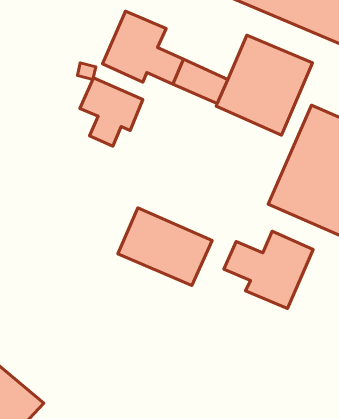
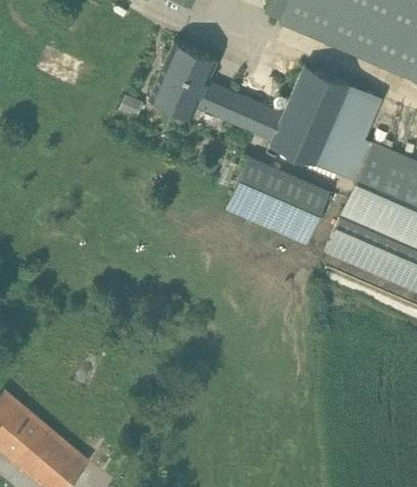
building: [80,78,143,146] -> none
building: [118,208,212,286] -> [229,157,330,240]
building: [224,231,313,308] -> none

